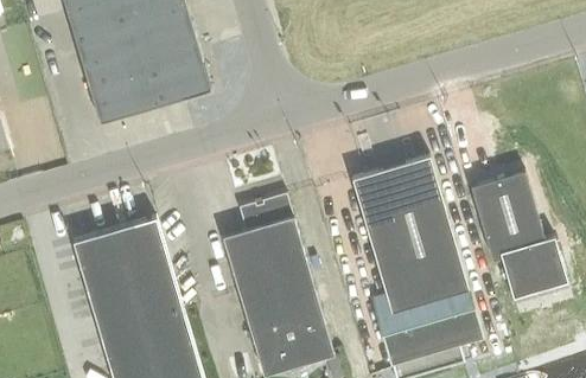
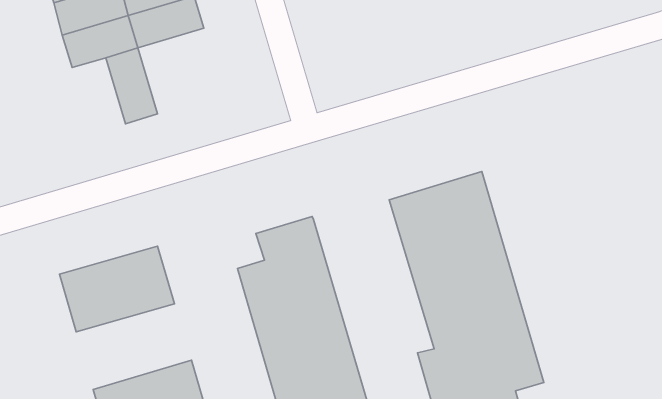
building: [138,33,210,105] -> none
building: [82,58,127,122] -> none
building: [469,169,566,296] -> none
building: [85,265,183,338] -> none

